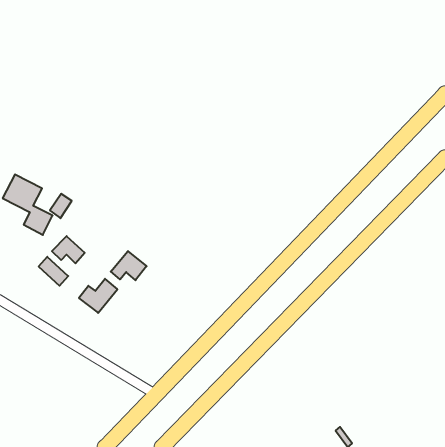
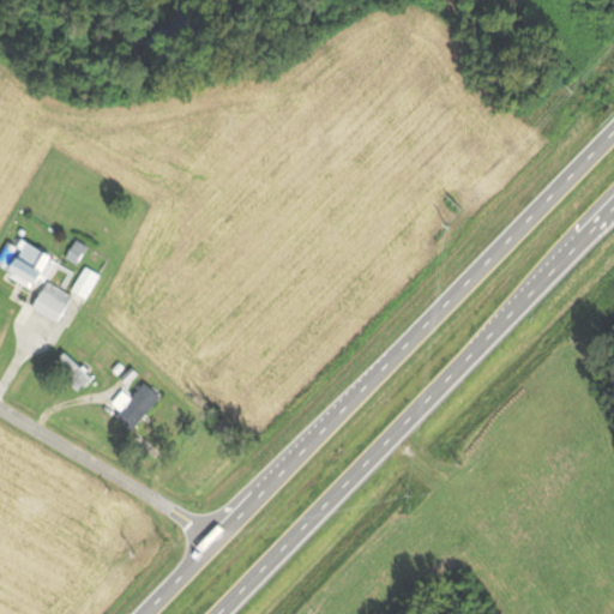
building: [52,236,85,263] -> none
building: [111,251,147,280] -> none

